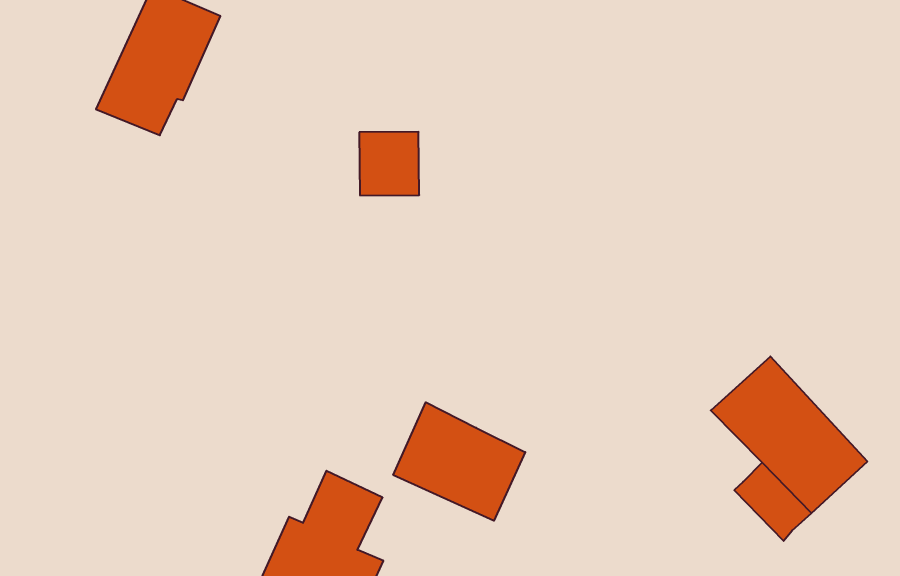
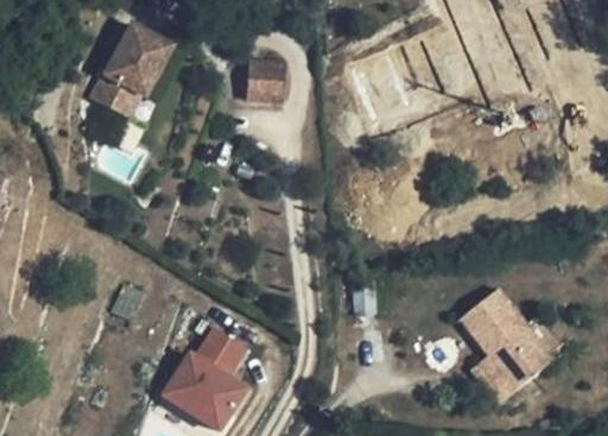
building: [359,132,419,195] -> [251,57,291,100]
building: [393,402,525,521] -> none

